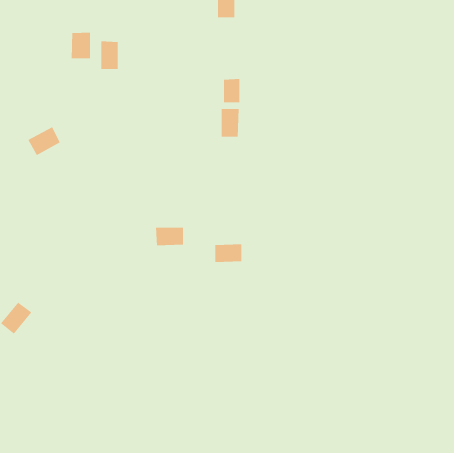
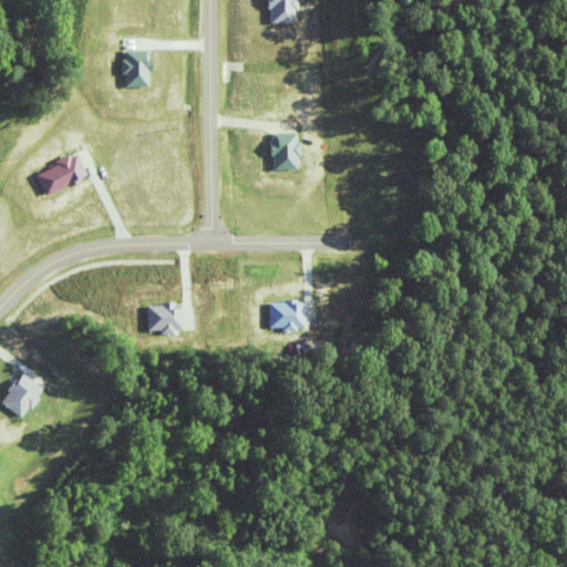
building: [71,32,91,59] -> none
building: [223,78,240,103] -> none
building: [155,227,184,246] -> [145,307,181,330]

